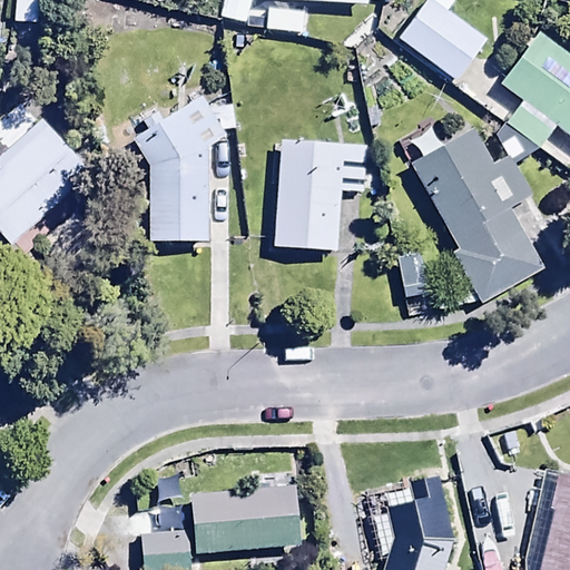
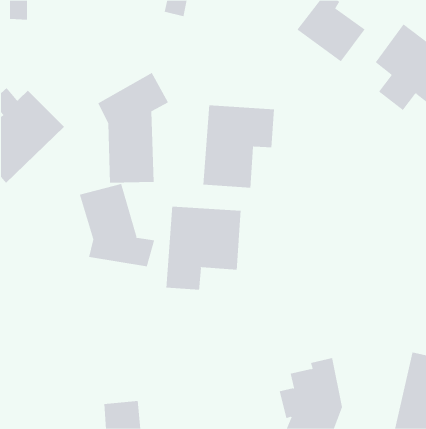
building: [412,130,546,313] -> none
building: none -> [79,183,155,267]
building: none -> [166,206,241,290]
building: [189,483,301,554] -> none

